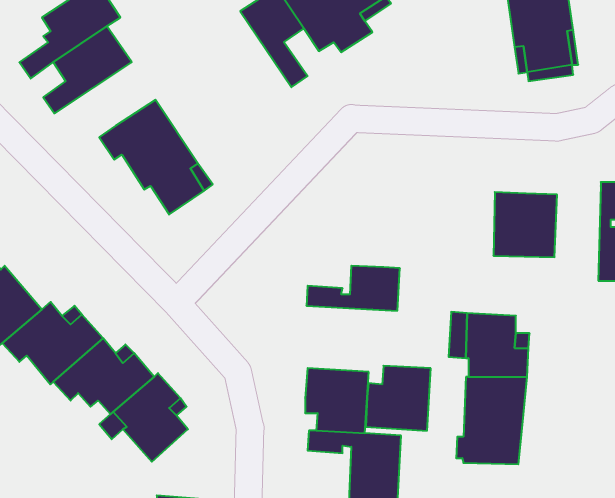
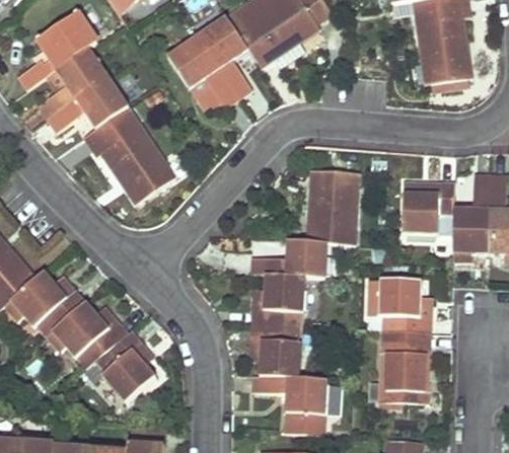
building: none -> [167,34,238,106]
building: none -> [46,76,128,132]
building: none -> [307,170,357,244]
building: none -> [452,175,490,260]
building: [366,366,431,431] -> [251,275,304,327]

